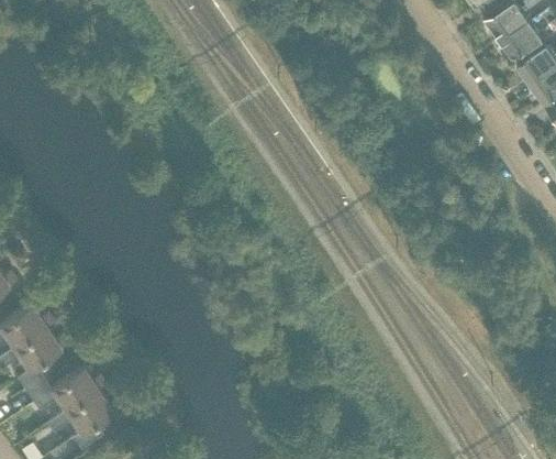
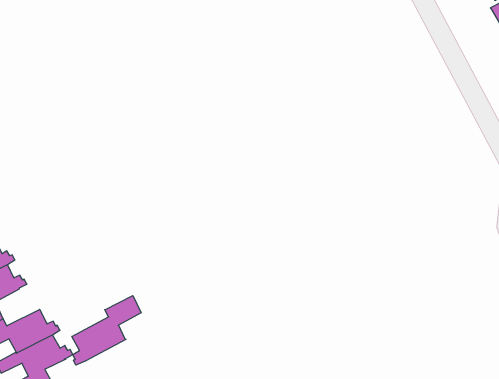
building: none -> [72,296,141,365]

